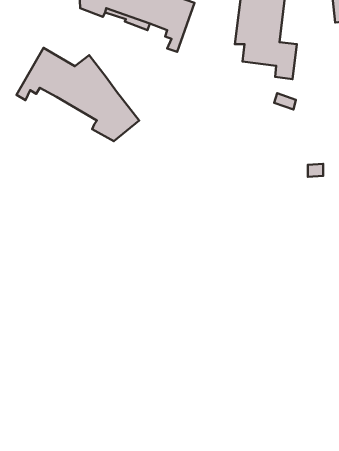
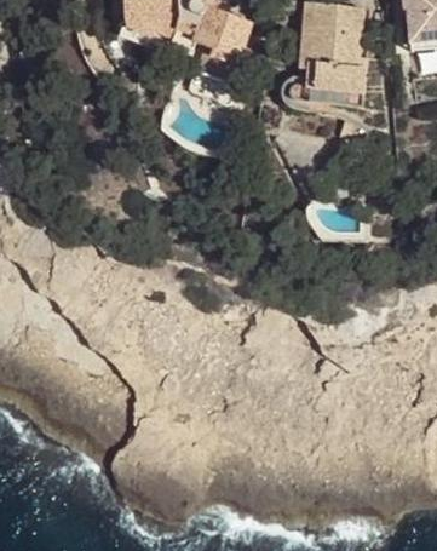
building: [16,48,139,141] -> none

